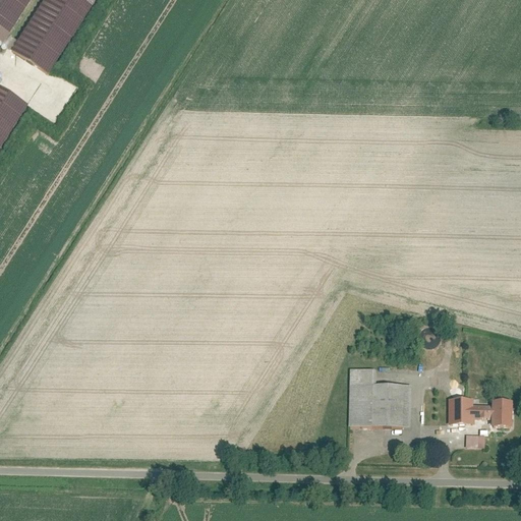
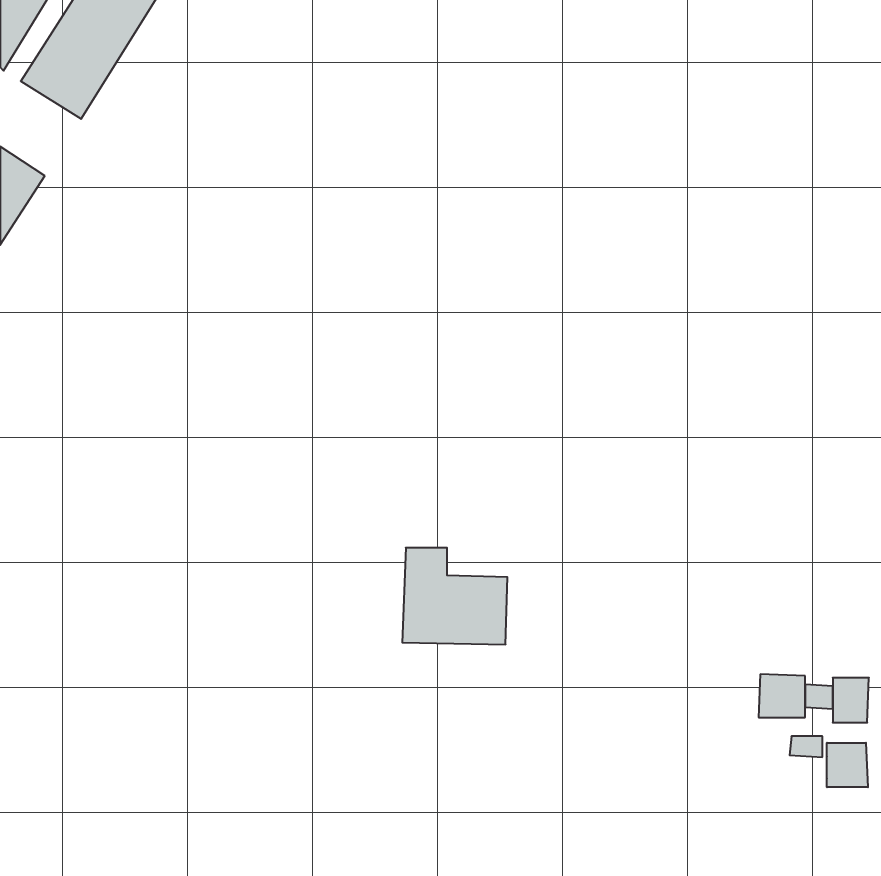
building: [349,368,411,425] -> [402,548,507,644]
building: none -> [827,743,868,787]

